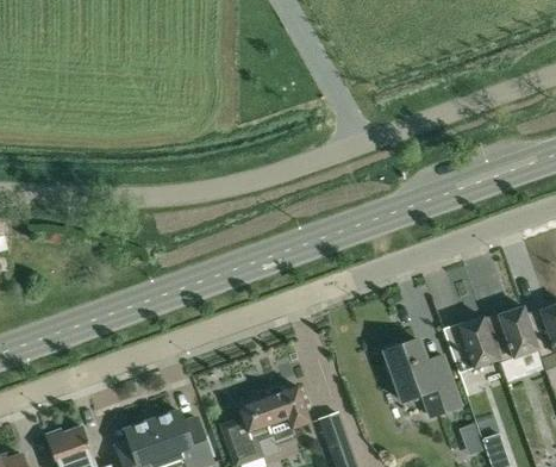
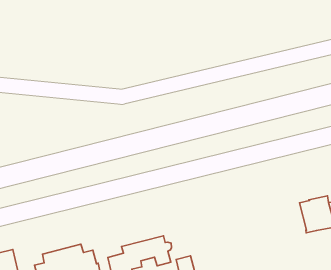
building: [445,315,500,371] -> none
building: [387,338,462,415] -> none

